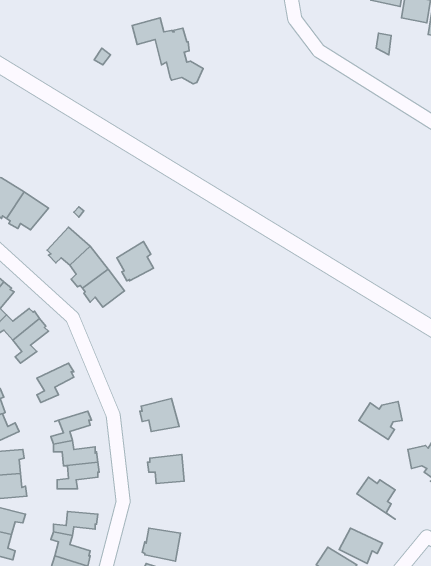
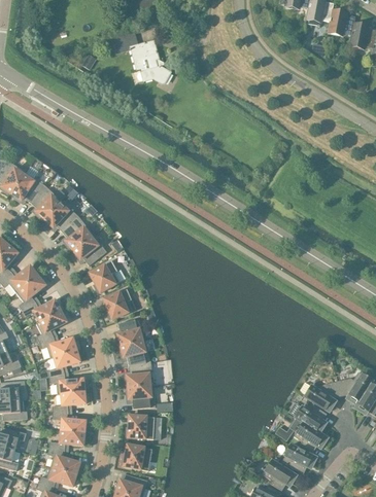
building: none -> [31,184,62,218]
building: [117,241,154,281] -> [90,259,119,291]
building: none -> [103,288,136,318]
building: none -> [23,299,62,322]
building: none -> [115,317,145,345]
building: none -> [39,335,77,357]
building: [359,402,402,440] -> [305,380,340,411]
building: none -> [125,361,153,387]
building: none -> [53,412,87,432]
building: none -> [126,415,155,438]
building: none -> [295,416,327,452]

